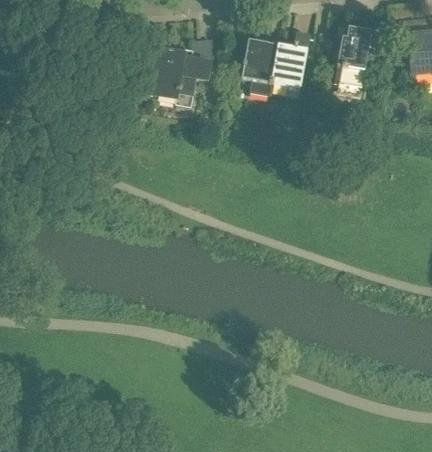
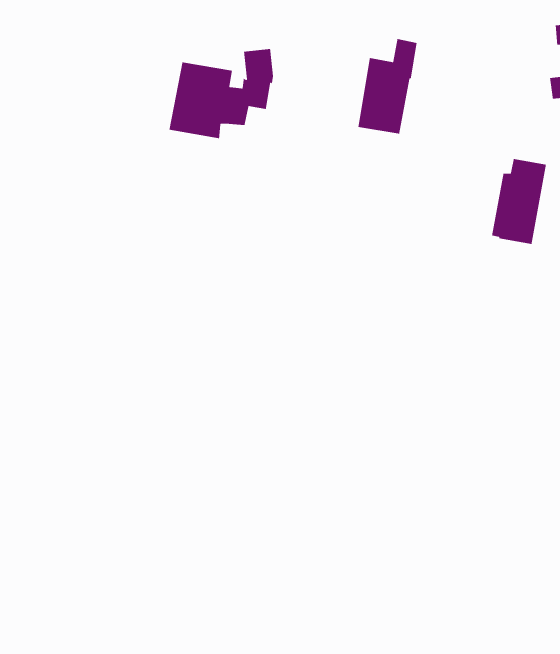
building: [335,26,373,85] -> [491,158,547,245]
building: [243,38,279,94] -> none

